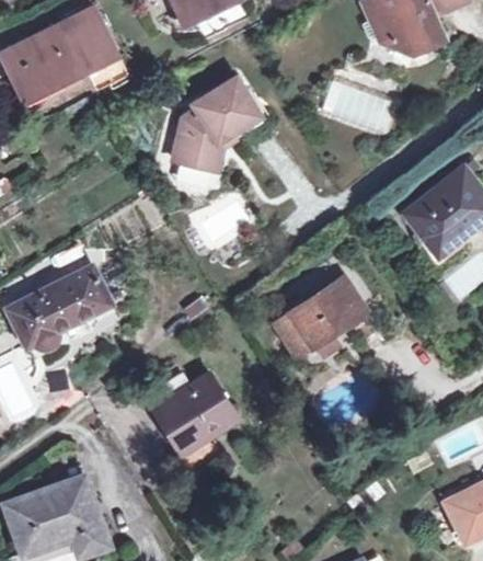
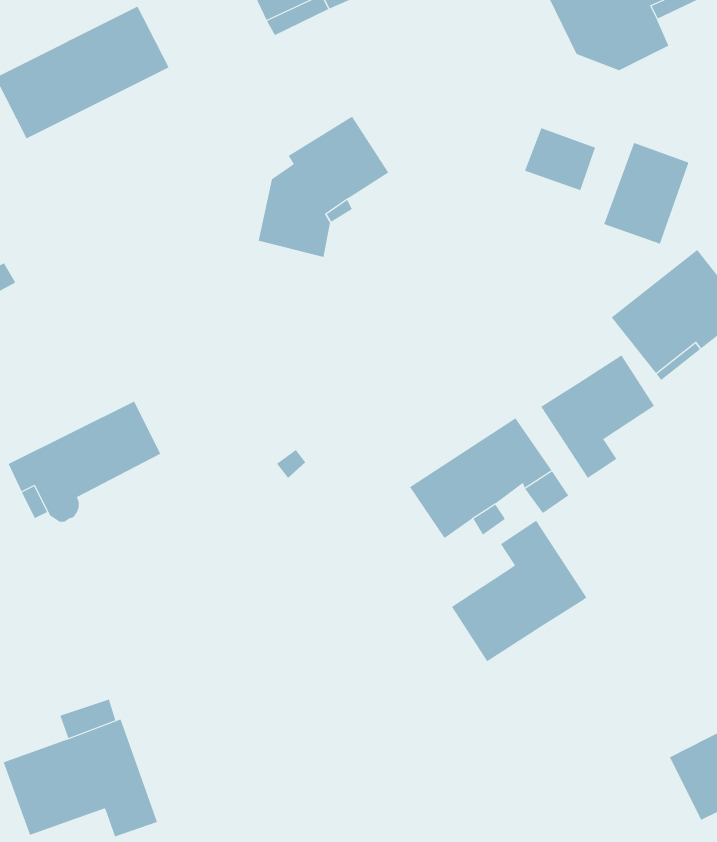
building: none -> [603,142,689,244]
building: none -> [540,354,655,479]
building: none -> [451,520,587,662]
building: [153,374,235,454] -> none

